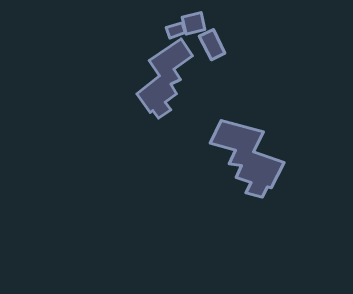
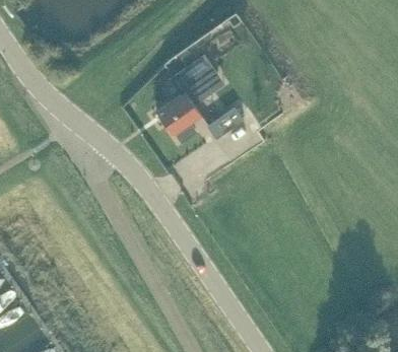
building: none -> [206,105,244,139]
building: [210,121,284,197] -> none

